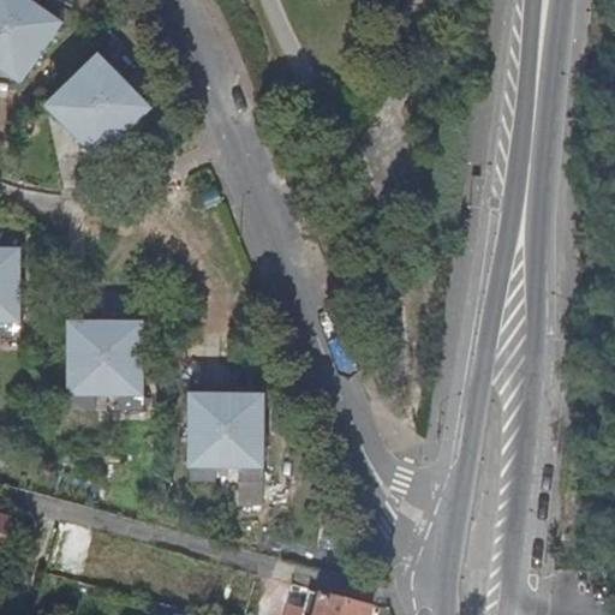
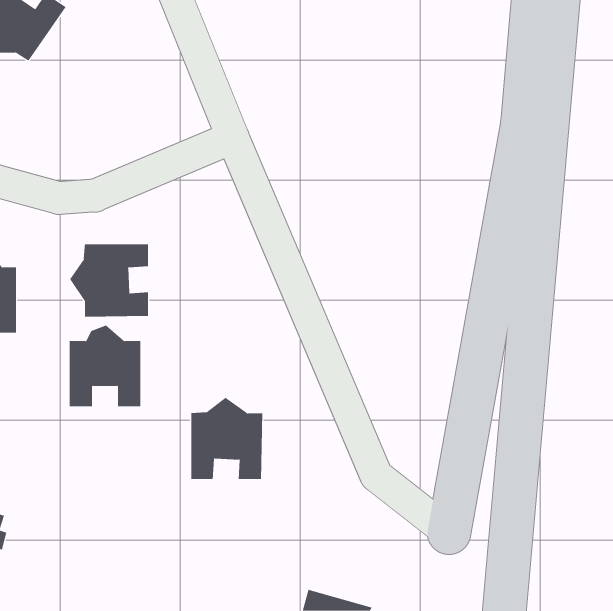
building: [56,53,148,143] -> none
building: none -> [69,243,148,318]

